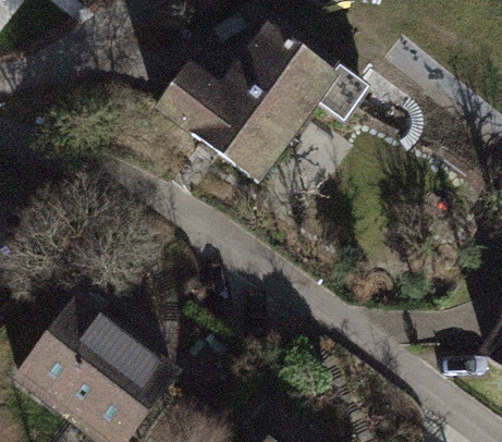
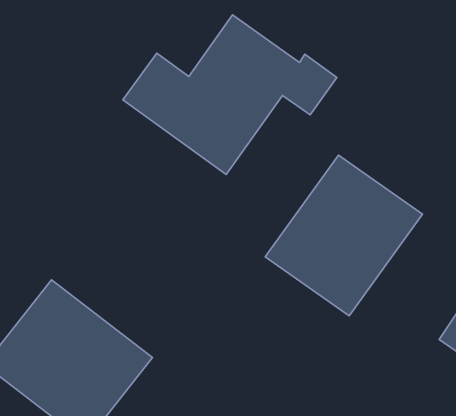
building: none -> [265,155,423,316]

